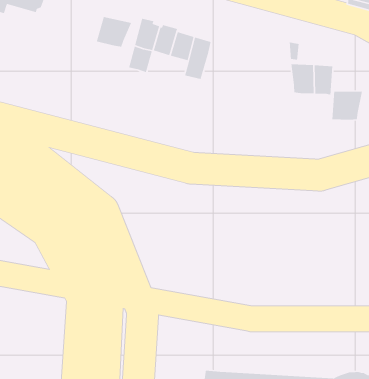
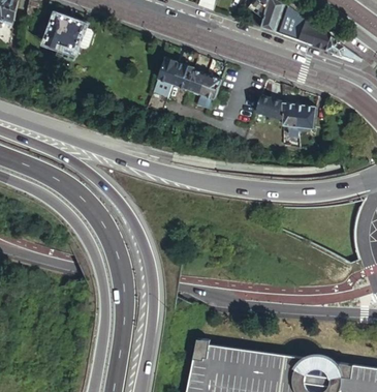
building: [96,16,132,47] -> none
building: none -> [253,93,282,119]
building: [332,91,363,120] -> none

